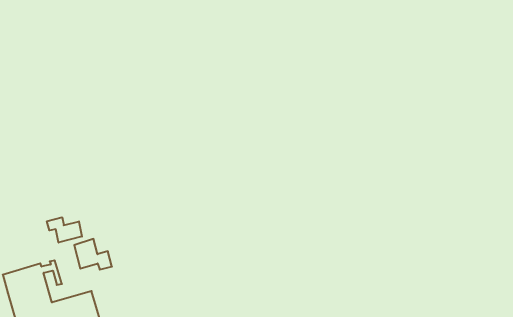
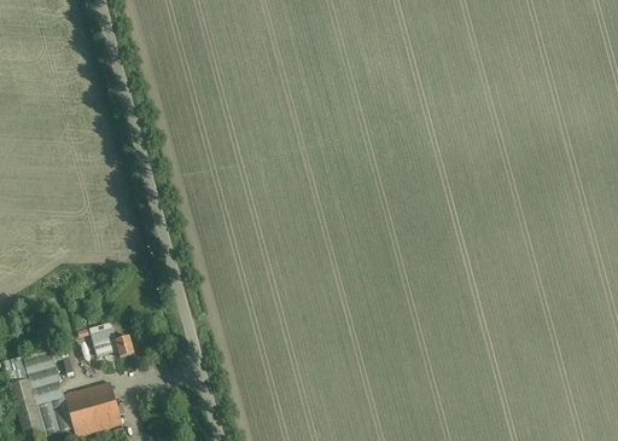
building: [47,217,82,243] -> none

